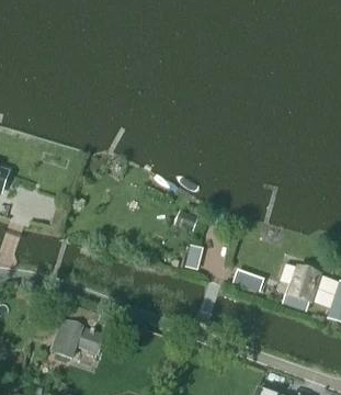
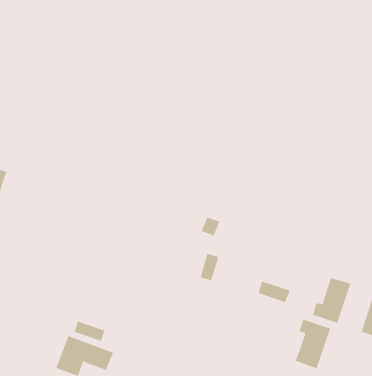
building: none -> [295,319,331,369]

